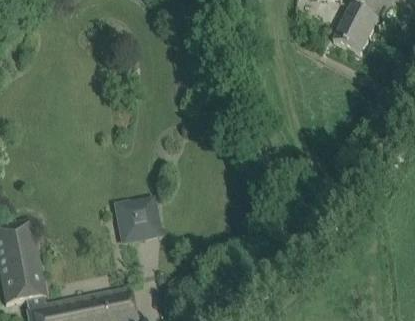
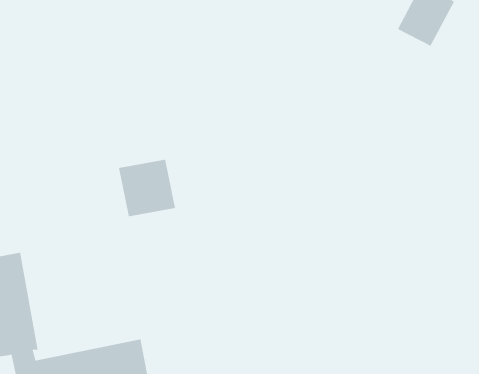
building: [115,197,161,243] -> [118,159,176,217]

